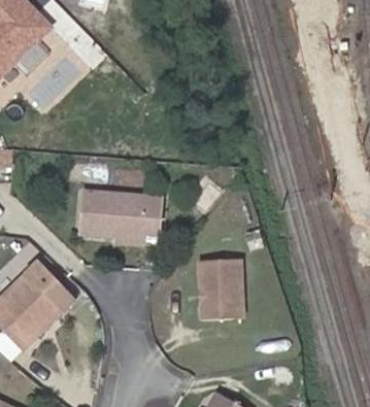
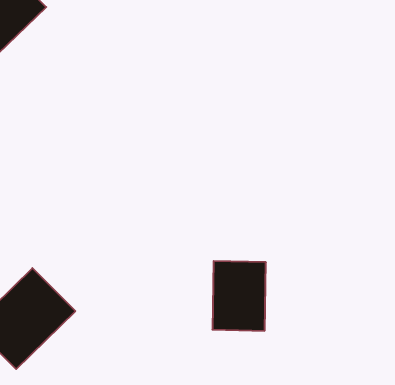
building: [77,185,165,243] -> none

